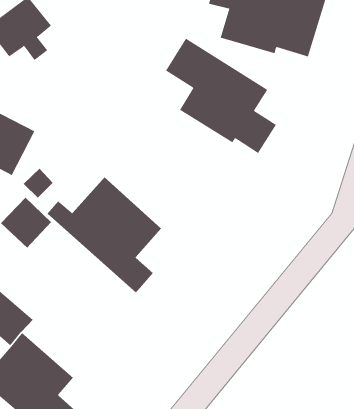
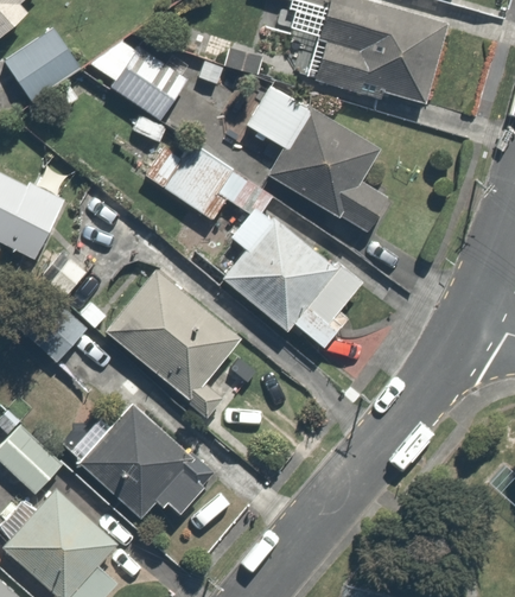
building: none -> [87,39,193,122]
building: none -> [141,133,357,349]
building: none -> [72,400,210,519]

